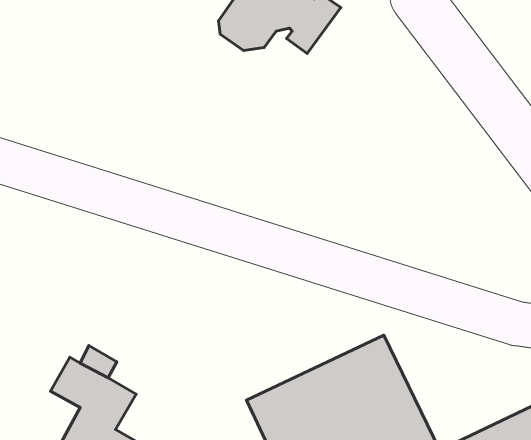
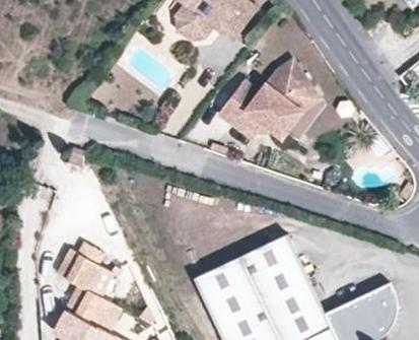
building: none -> [219,60,319,136]

